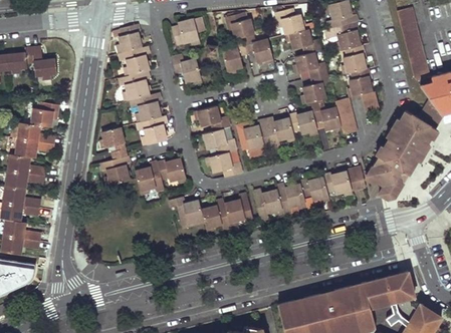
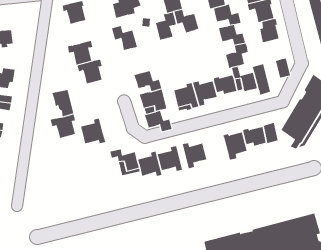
building: [119,46,149,75] -> none
building: [350,68,372,96] -> none
building: [137,115,167,144] -> none
building: [158,157,186,181] -> none
building: [277,184,306,214] -> none

